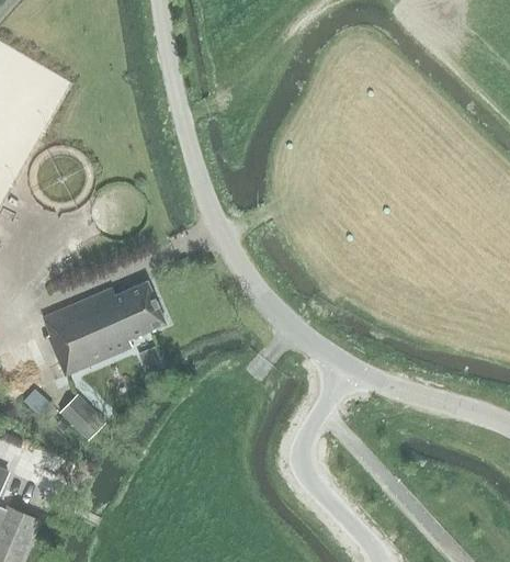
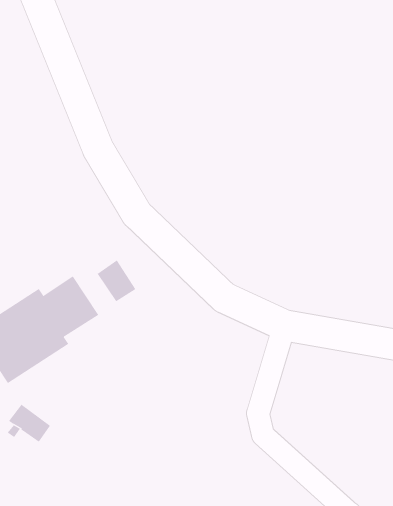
building: none -> [97,260,136,302]

